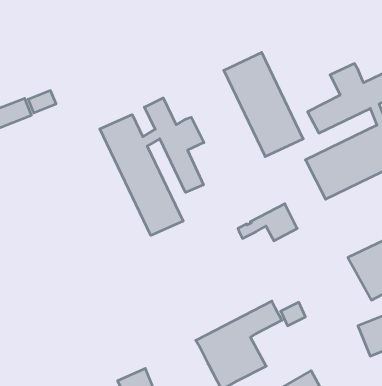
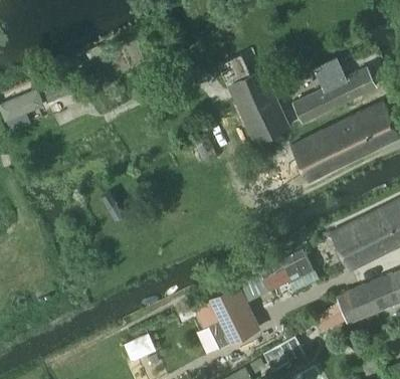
building: [100,98,204,235] -> none
building: [238,204,297,241] -> [259,248,313,281]

